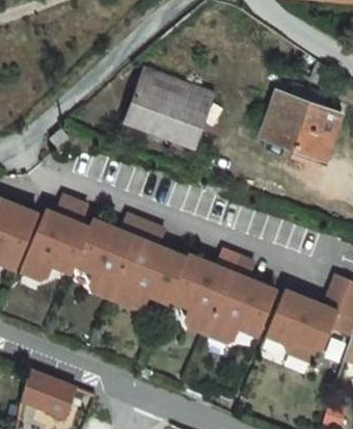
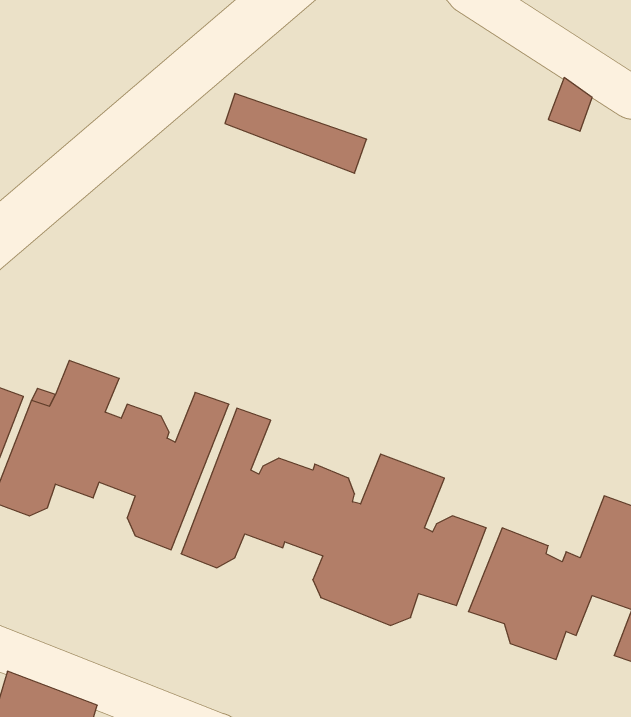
building: [126,81,208,144] -> none
building: [264,81,336,155] -> none

